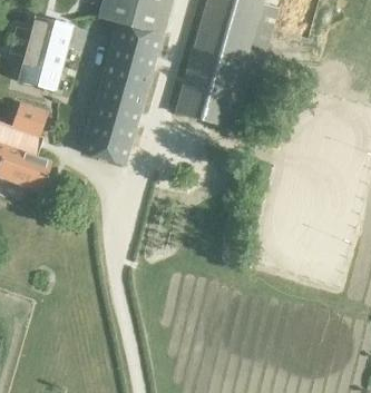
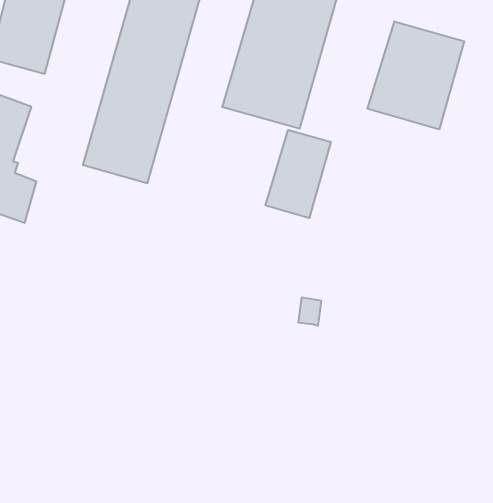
building: none -> [367,21,464,129]
building: none -> [265,130,331,218]

